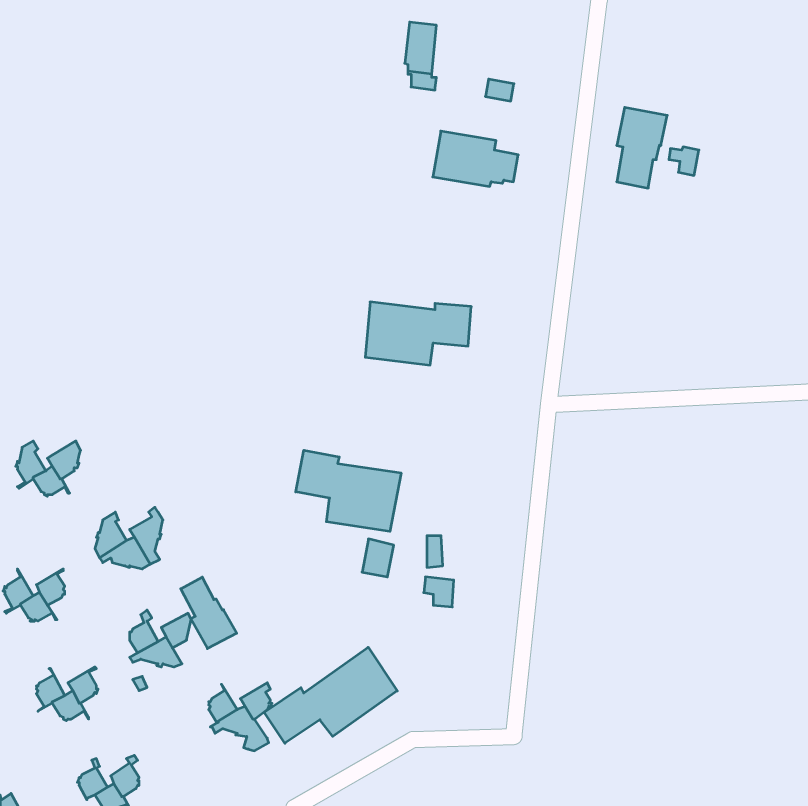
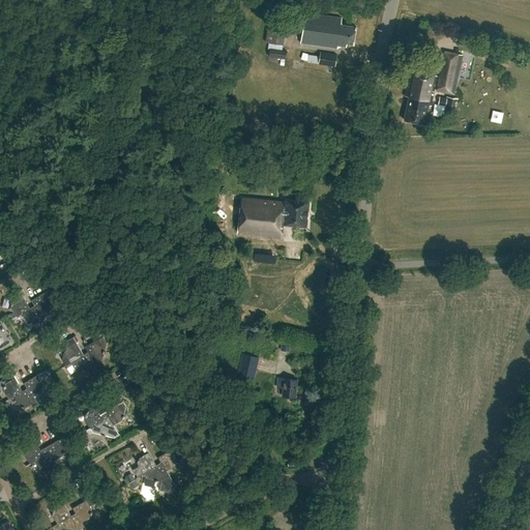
building: none -> [435,52,462,96]
building: [433,131,518,186] -> [300,13,356,50]
building: [296,450,401,531] -> none
building: [181,577,237,649] -> none
building: [264,647,397,743] -> none

